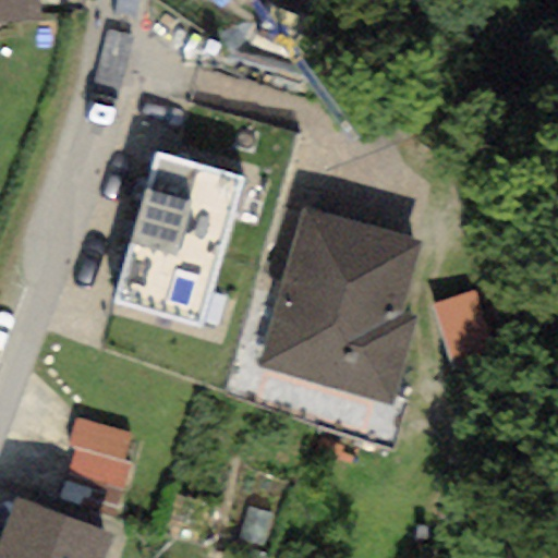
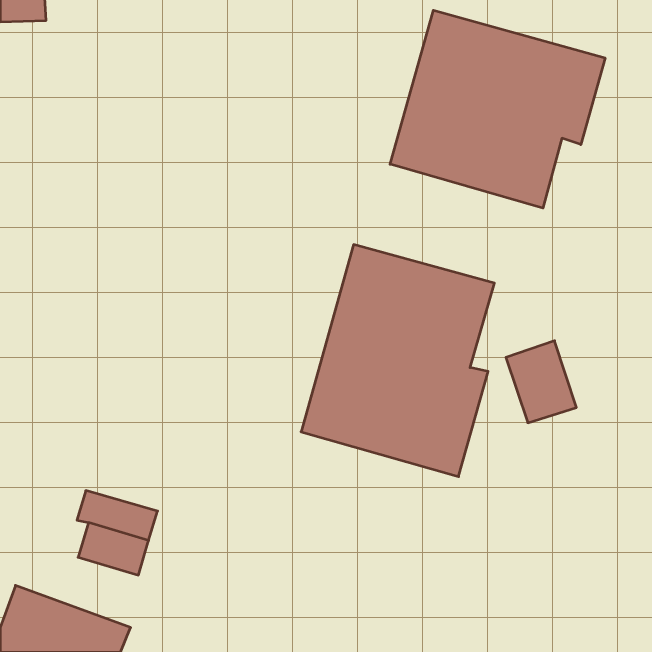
building: none -> [390,10,605,208]
building: [112,149,242,327] -> none

